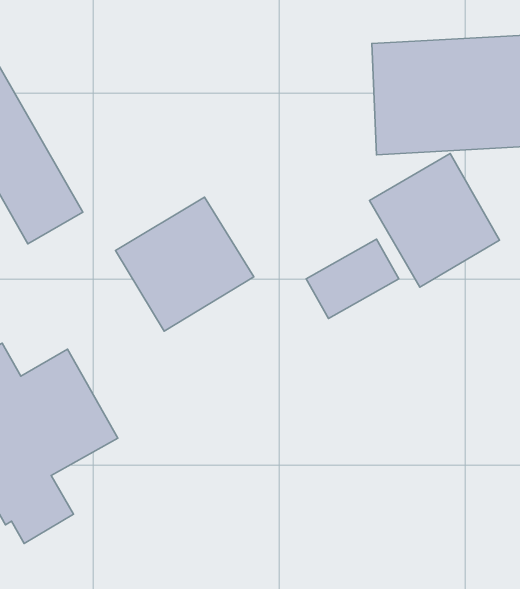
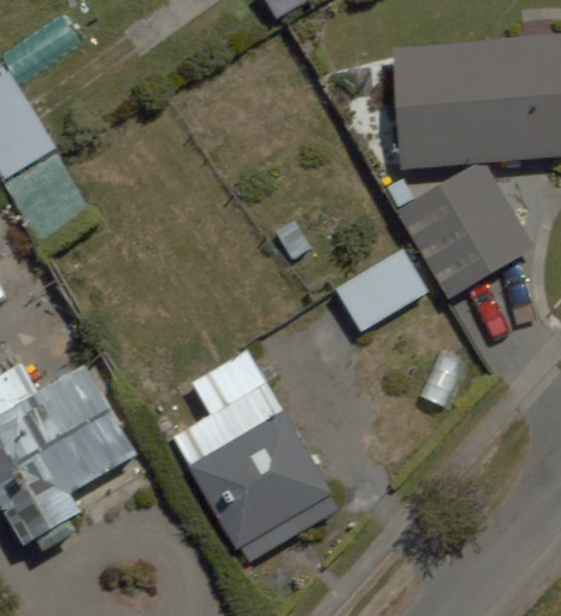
building: [115,197,254,331] -> none
building: none -> [161,337,347,568]

